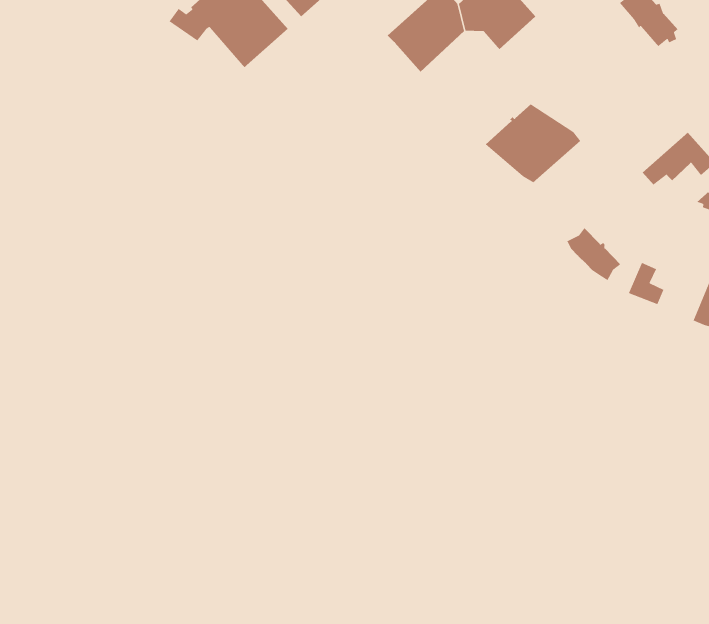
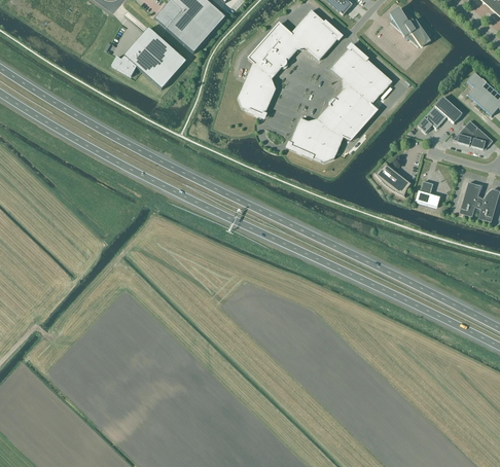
building: none -> [330,45,392,104]
building: none -> [238,62,276,116]
building: none -> [288,117,343,161]

